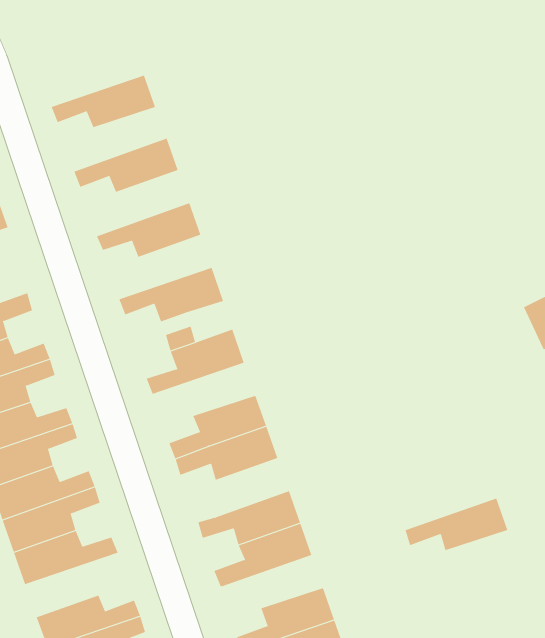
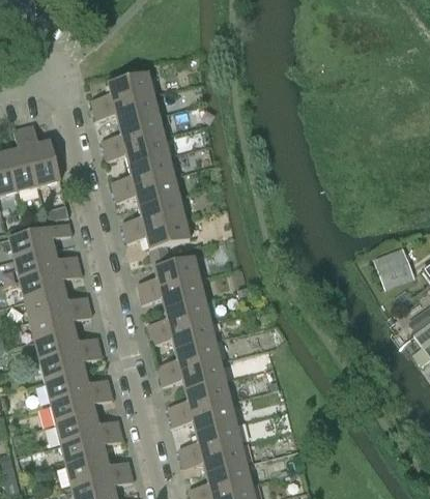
building: none -> [92,72,154,109]
building: none -> [103,115,165,150]
building: none -> [113,155,175,192]
building: none -> [123,197,185,232]
building: none -> [141,278,205,309]
building: none -> [159,340,221,375]
building: [405,498,508,551] -> [172,402,236,432]
building: none -> [51,389,113,424]

